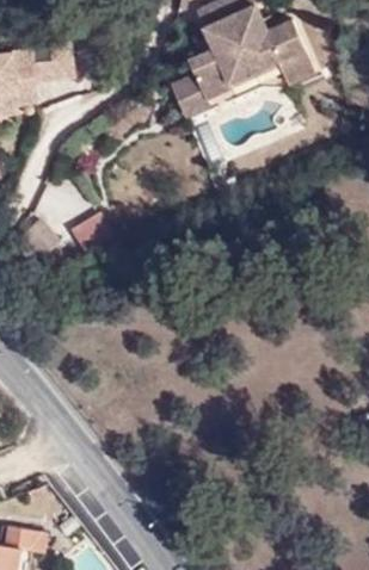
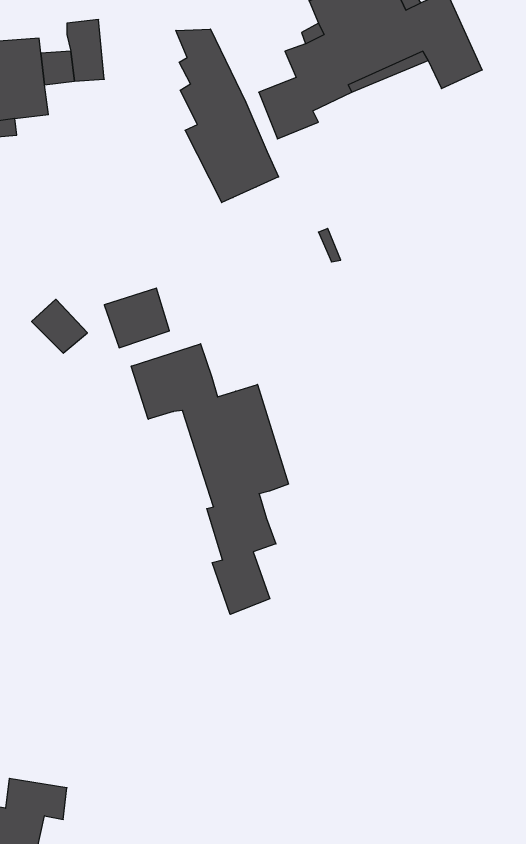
building: none -> [176,29,279,203]
building: none -> [131,344,289,614]

